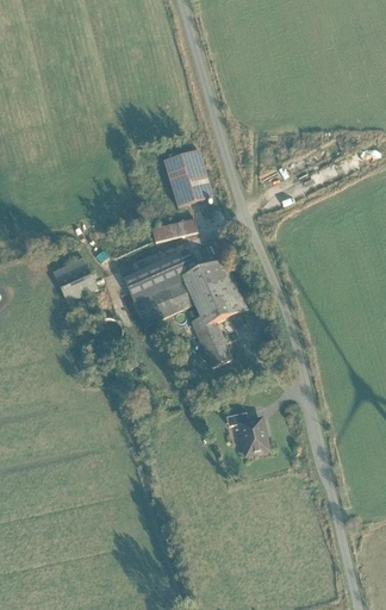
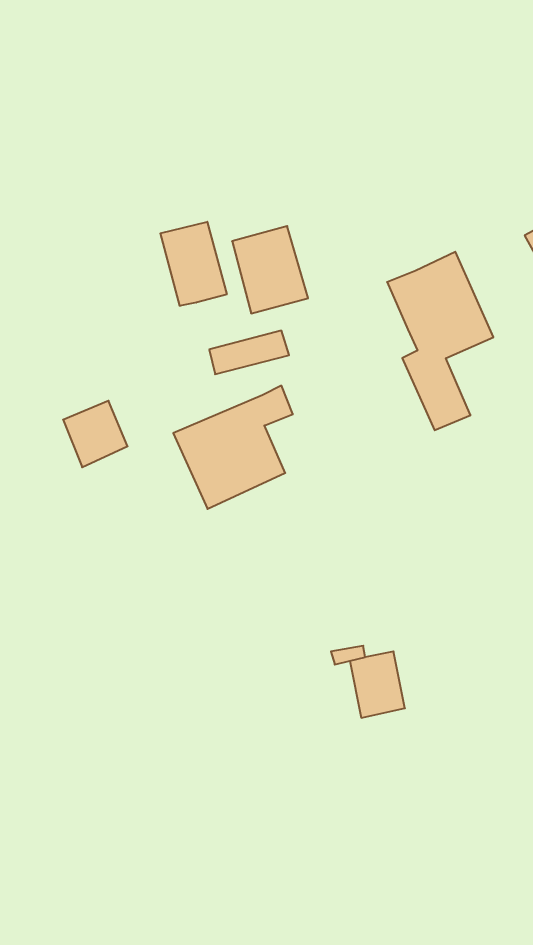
building: none -> [160,222,227,306]
building: [181,256,248,368] -> [387,252,493,430]

